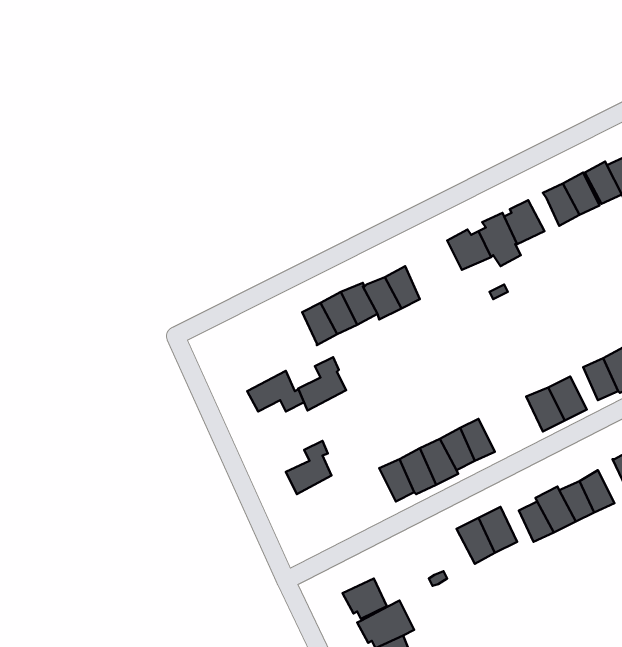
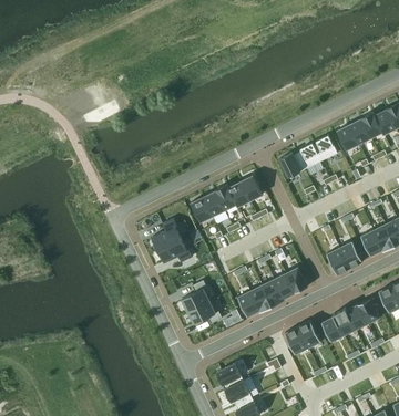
building: [298,357,346,410] -> [152,218,181,250]
building: none -> [187,301,222,324]

